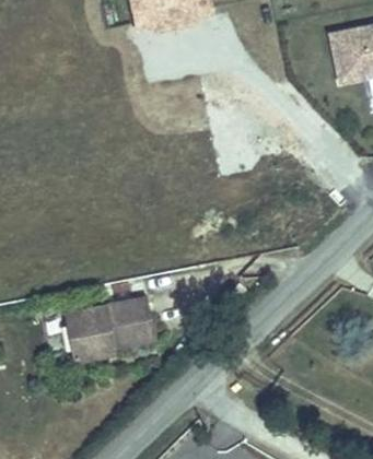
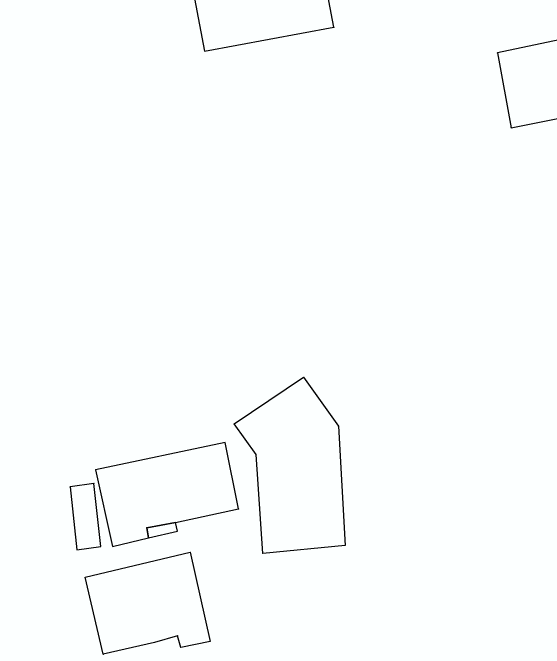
building: none -> [234,377,345,553]
building: none -> [85,552,210,654]

